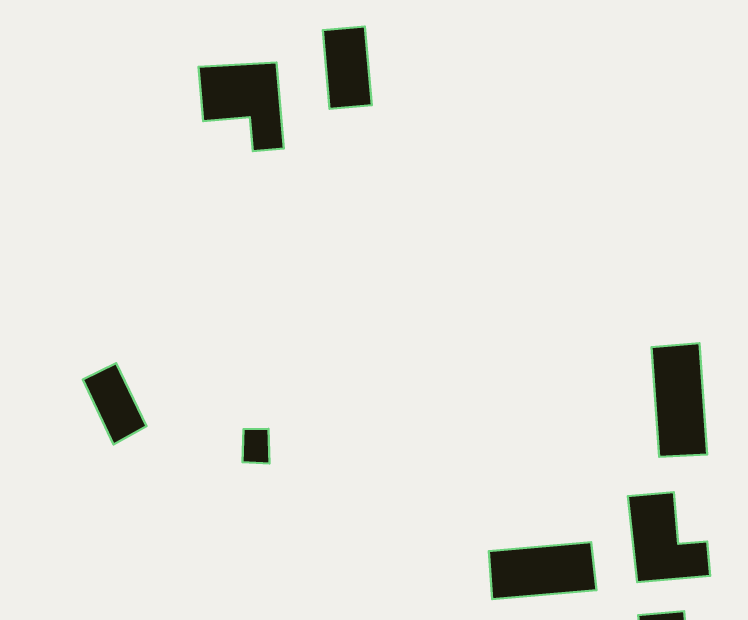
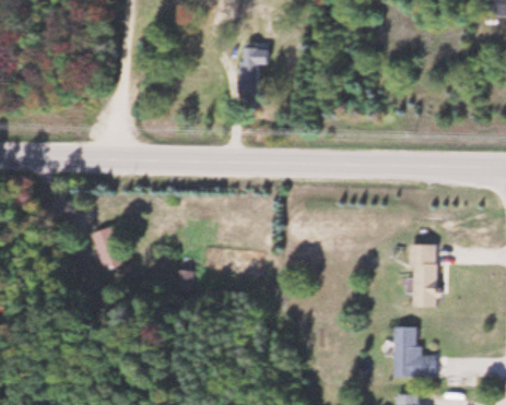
building: [198,62,284,151] -> none
building: [489,542,596,599] -> none

